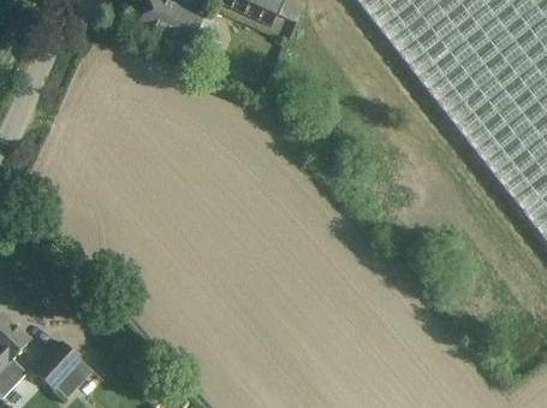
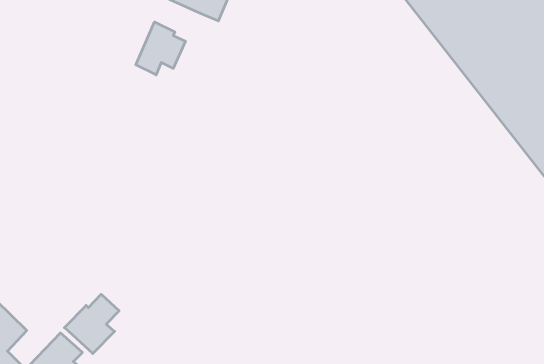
building: none -> [136,22,185,75]
building: none -> [64,294,119,354]

